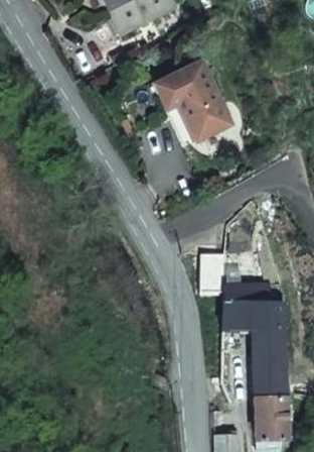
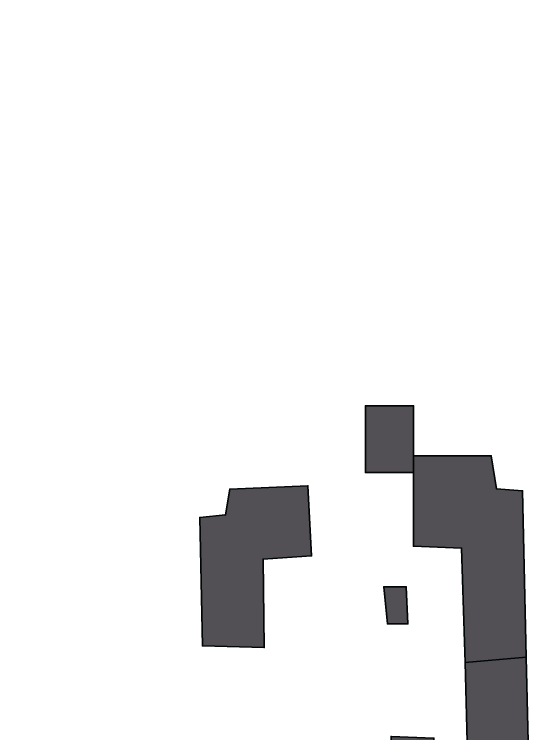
building: [155,60,232,143] -> none
building: none -> [200,486,311,648]

